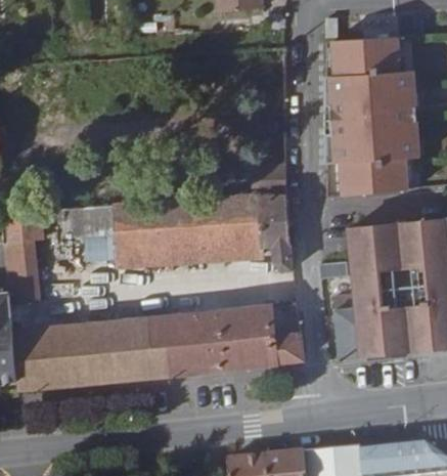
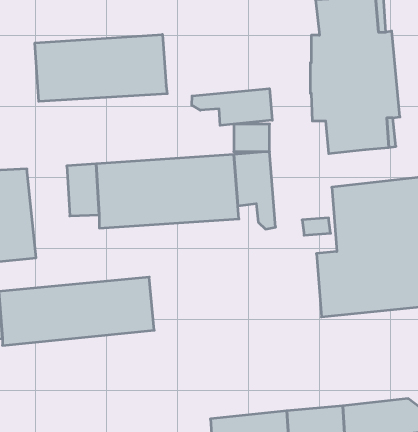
building: none -> [35,34,167,101]
building: none -> [192,89,272,125]
building: [166,306,304,374] -> none

